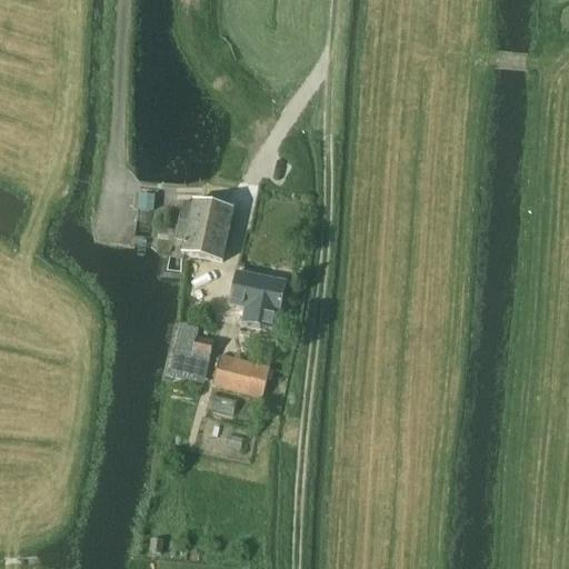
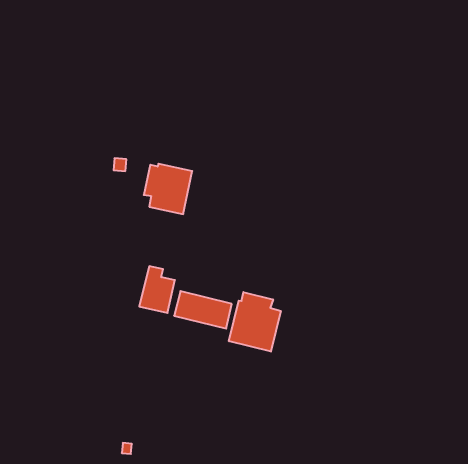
building: [228,269,286,313] -> none
building: none -> [229,292,281,352]

